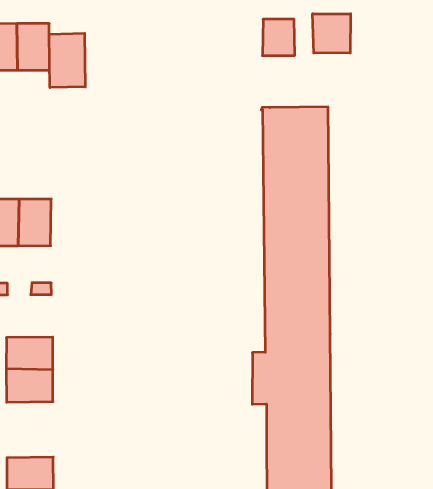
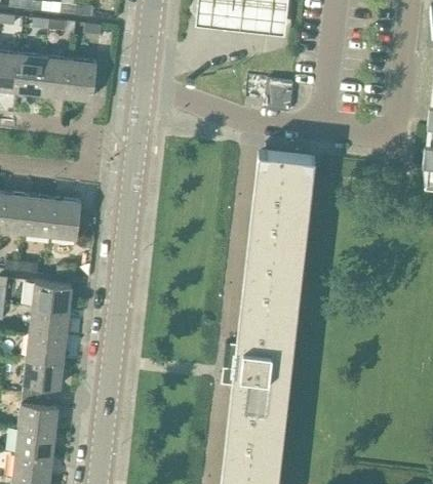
building: [313,14,351,53] -> none
building: [49,33,85,88] -> none
building: none -> [34,282,73,312]
building: none -> [25,359,65,389]

